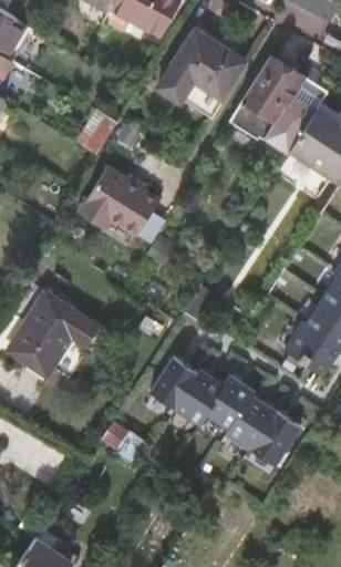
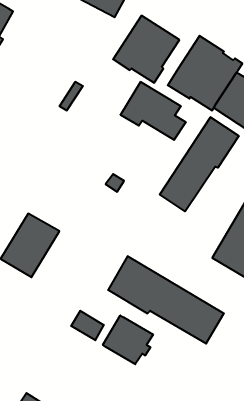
building: none -> [160,117,239,211]
building: [80,167,166,244] -> [120,82,186,140]
building: none -> [103,315,153,364]

